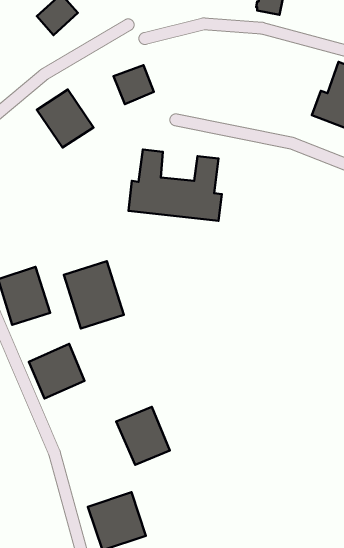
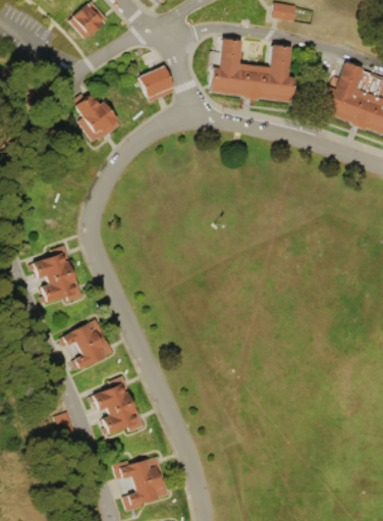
building: [128,150,222,221] -> [210,38,295,103]
building: [64,261,124,329] -> none
building: [116,407,170,465] -> [93,381,142,434]

